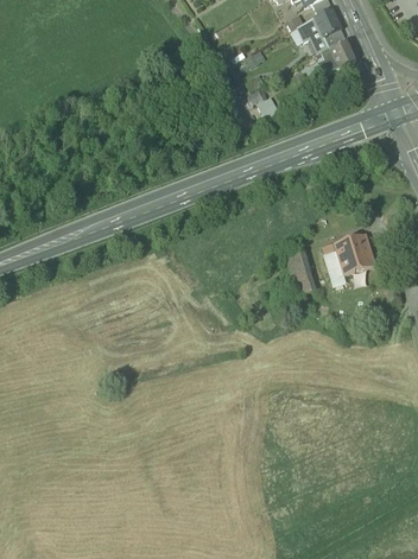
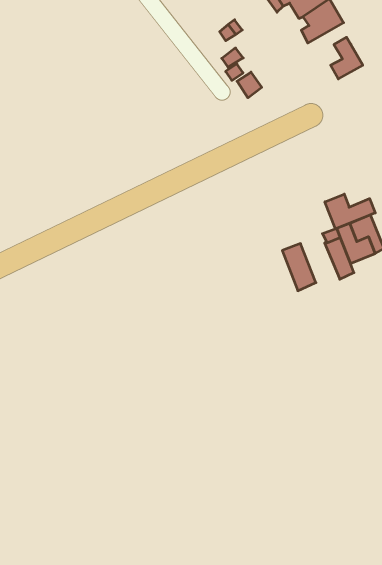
building: none -> [331,37,363,79]
building: none -> [325,194,375,229]

